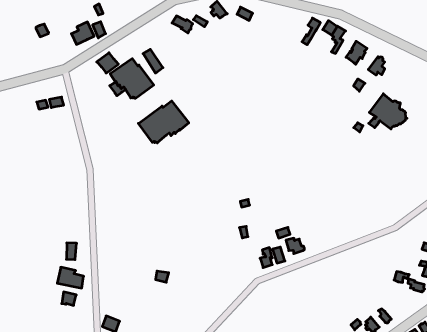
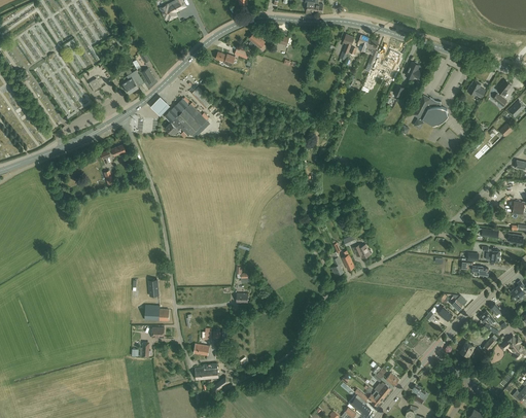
building: [138,101,189,143] -> none

